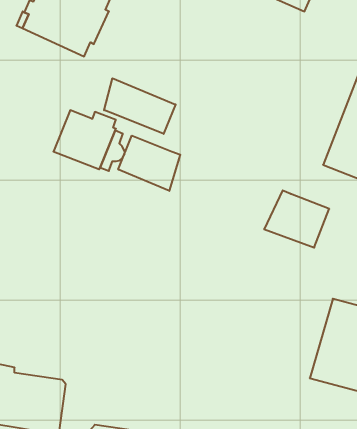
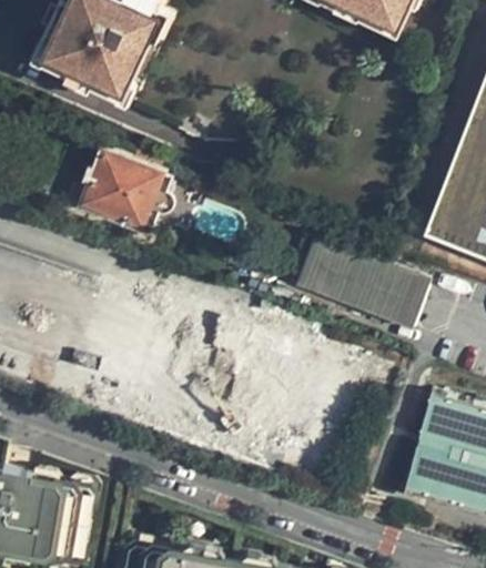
building: [104,78,176,134] -> none
building: [118,136,180,191] -> none
building: none -> [295,236,372,305]

